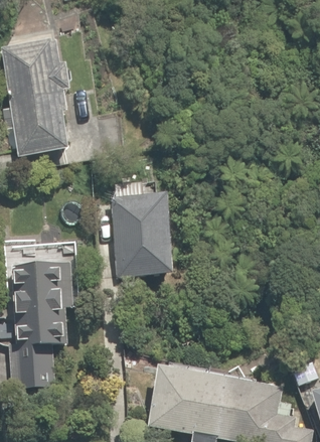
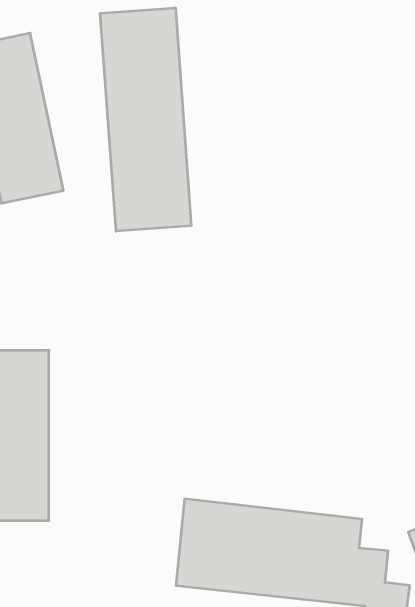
building: none -> [100,8,191,231]
building: [112,191,170,278] -> none

